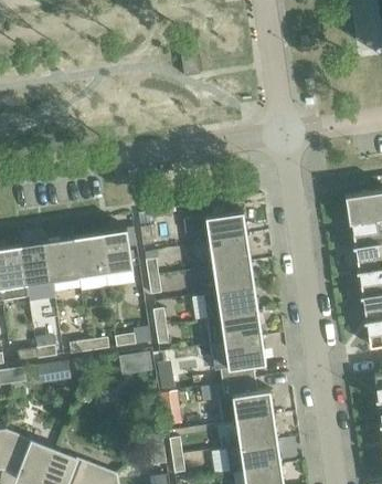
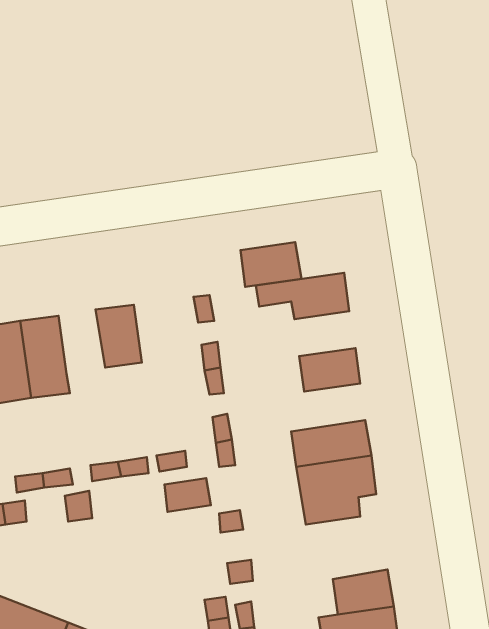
building: [99,229,132,273] -> none
building: [47,236,79,281] -> none
building: [210,238,252,269] -> [240,242,301,287]
building: [203,287,258,320] -> none
building: [217,379,274,423] -> none

